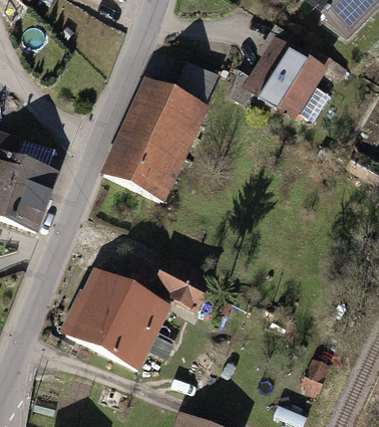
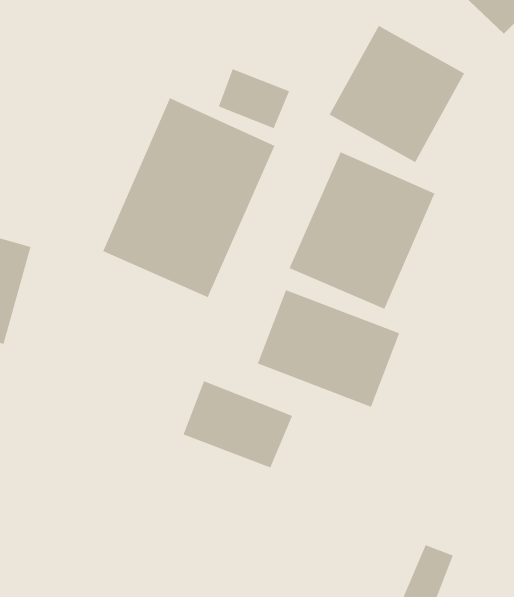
building: none -> [288,151,436,310]
building: none -> [257,289,400,408]
building: [57,265,172,369] -> none

